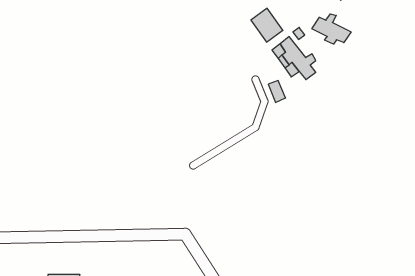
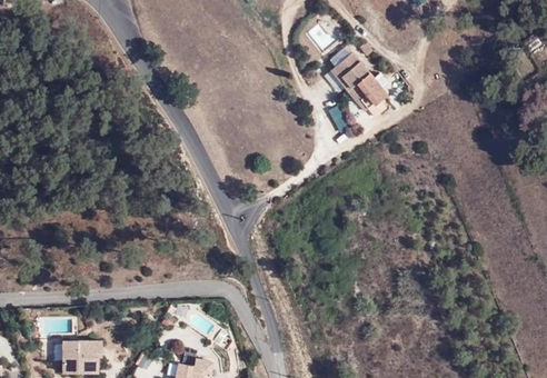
building: [312,14,351,44] -> none

